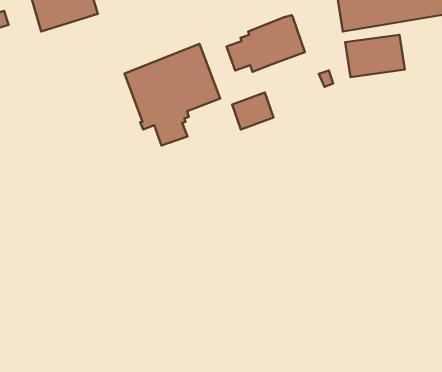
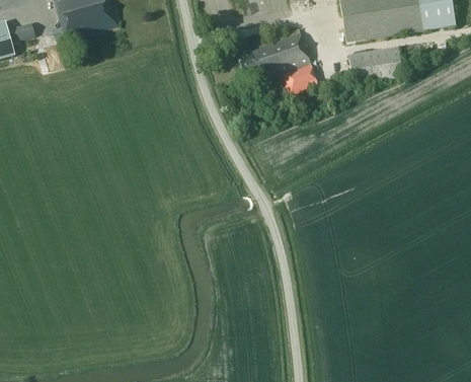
building: [124,44,220,145] -> none
building: [232,92,273,129] -> [281,61,319,95]

